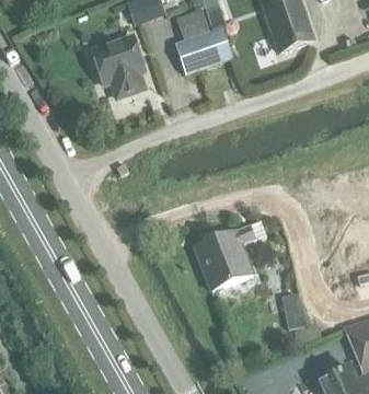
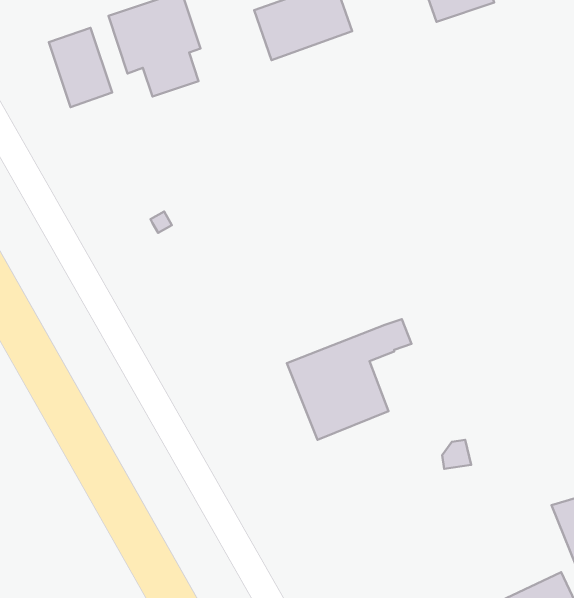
building: none -> [49,28,112,107]

